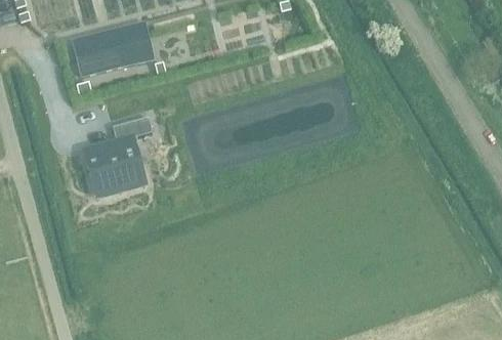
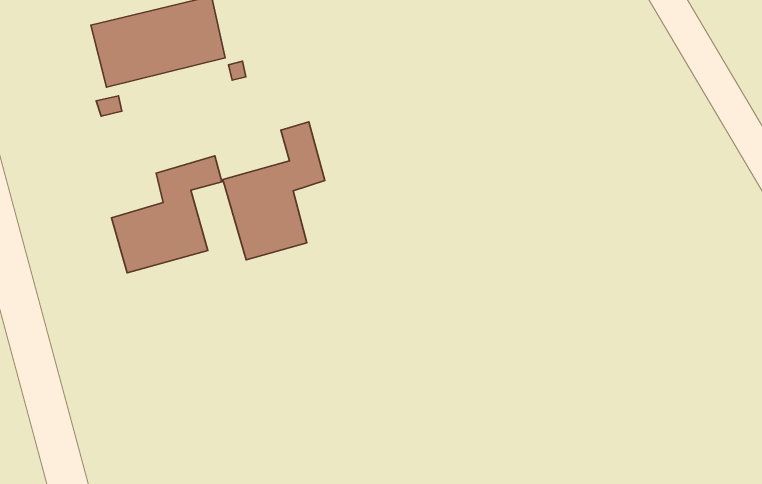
building: none -> [223,122,325,260]

